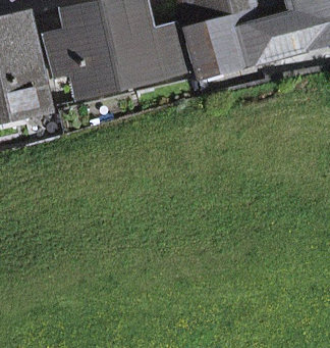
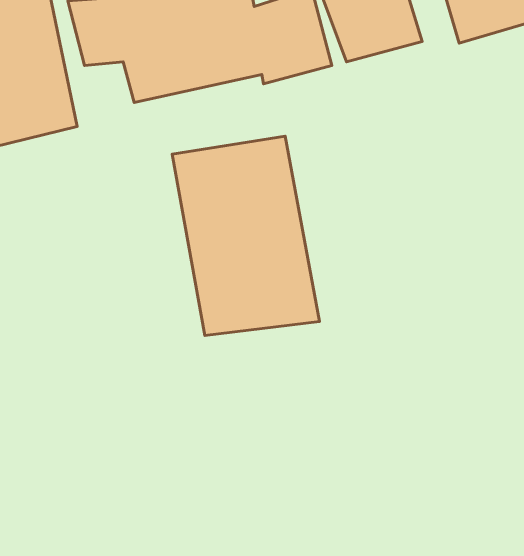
building: none -> [172,136,319,336]

